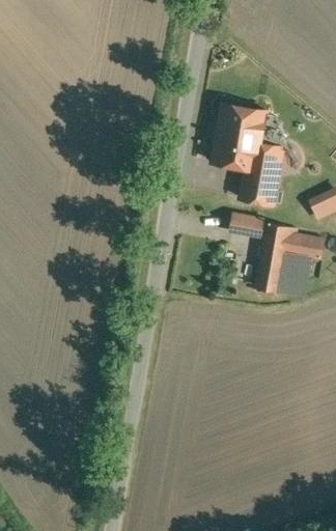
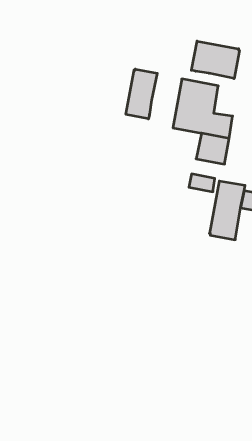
building: none -> [191,41,239,79]
building: none -> [126,69,157,119]

